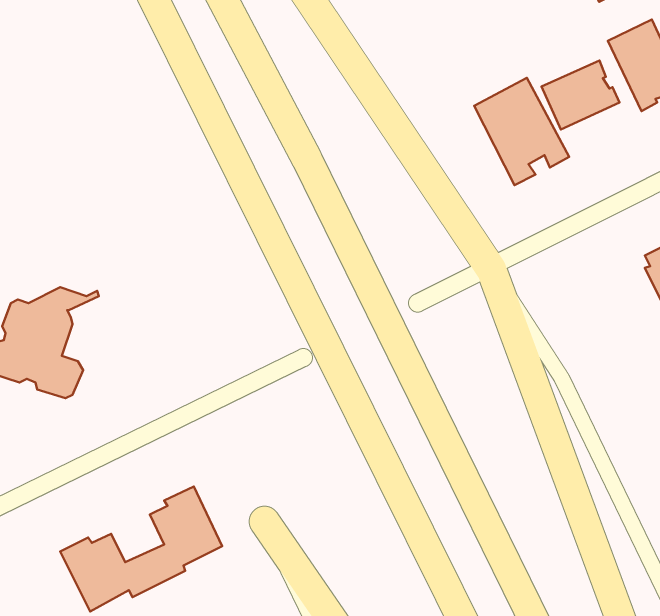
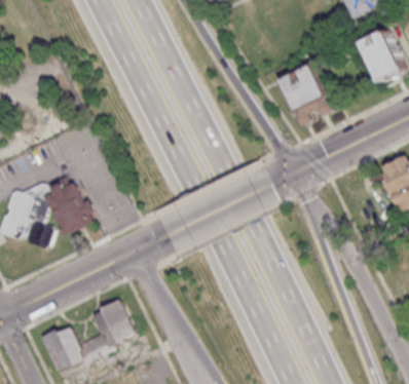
building: [542,61,620,130] -> none
building: none -> [44,182,94,236]

